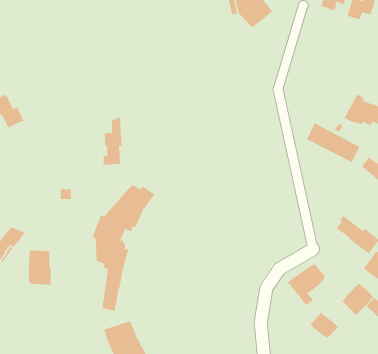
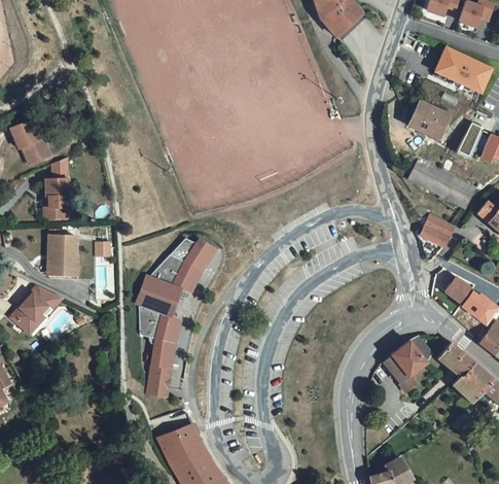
building: none -> [433,45,493,93]
building: none -> [407,101,450,141]
building: [103,116,122,165] -> [43,158,68,219]
building: none -> [419,214,454,247]
building: [28,250,52,285] -> [47,234,77,278]
building: [309,312,339,339] -> [436,342,473,376]

